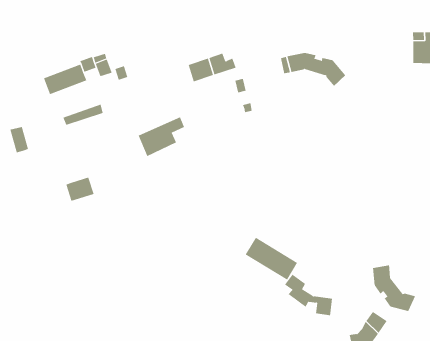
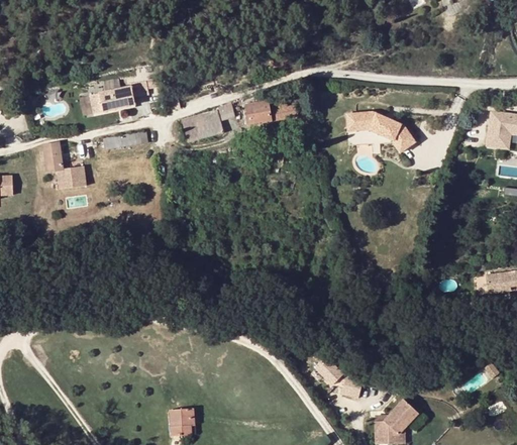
building: [138,117,185,157] -> [183,105,234,142]
building: [65,177,94,201] -> [58,165,87,189]
building: [245,237,298,280] -> none
building: [372,264,416,312] -> none

